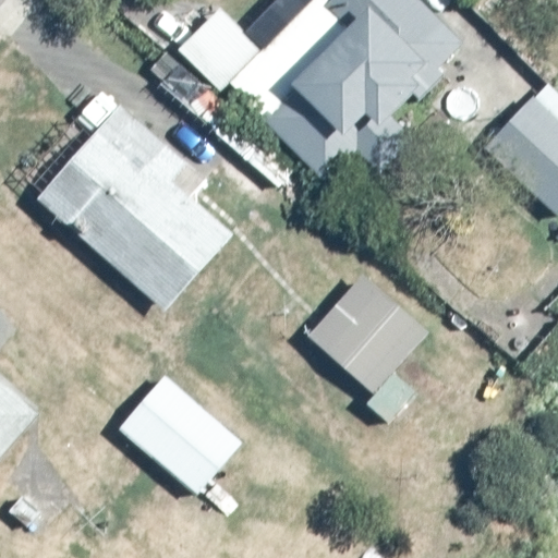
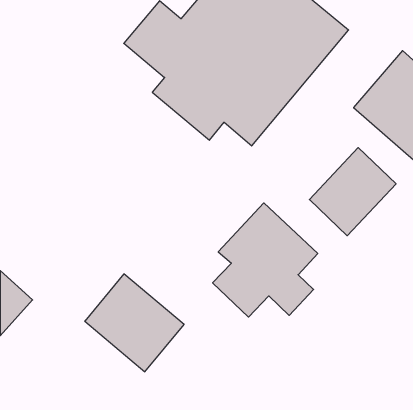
building: [37,105,233,305] -> none
building: none -> [309,148,396,236]

